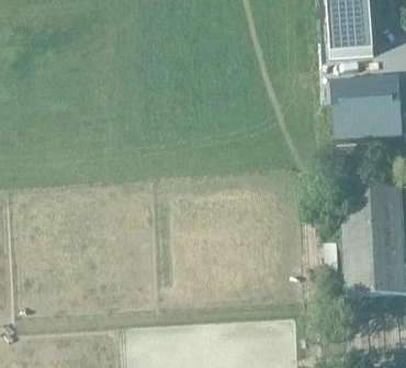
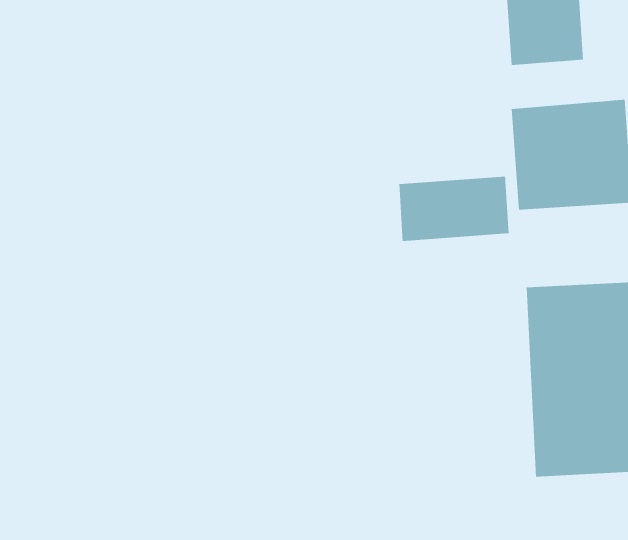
building: none -> [399,176,509,242]

